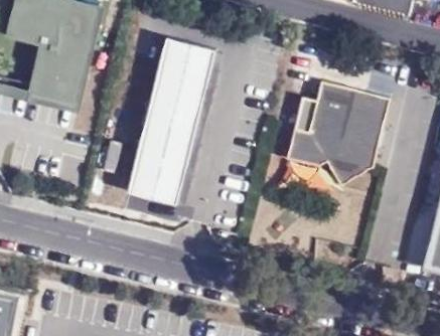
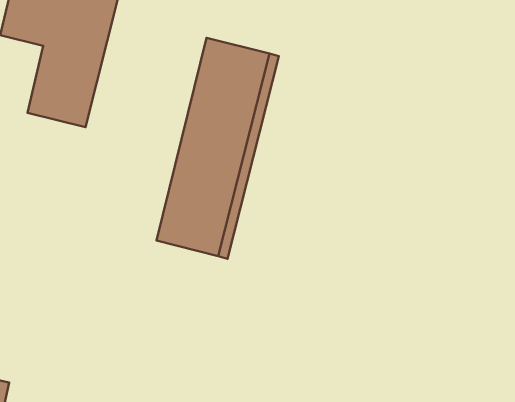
building: [287,85,390,190] -> none

